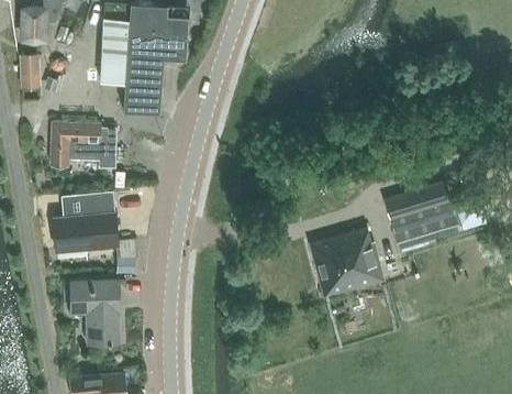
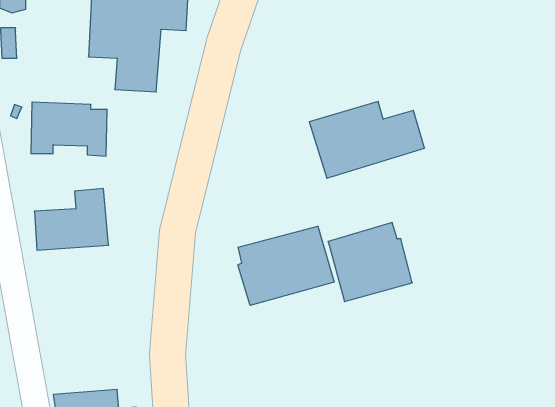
building: [385,182,486,249] -> [309,102,425,178]
building: none -> [238,226,334,305]
building: [70,280,119,343] -> none

